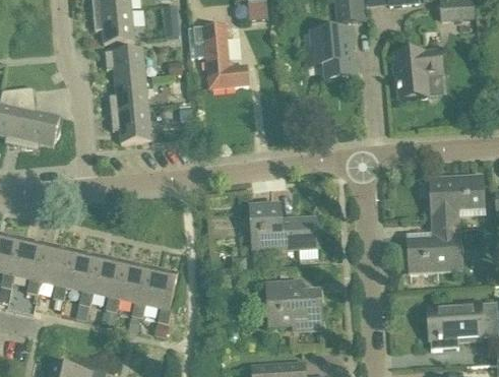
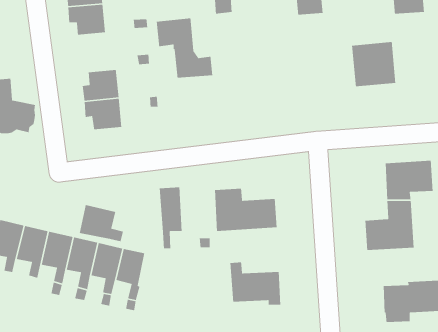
building: [304,26,357,76] -> none
building: [105,47,145,81] -> none
building: none -> [159,186,182,249]
building: none -> [79,204,124,242]

